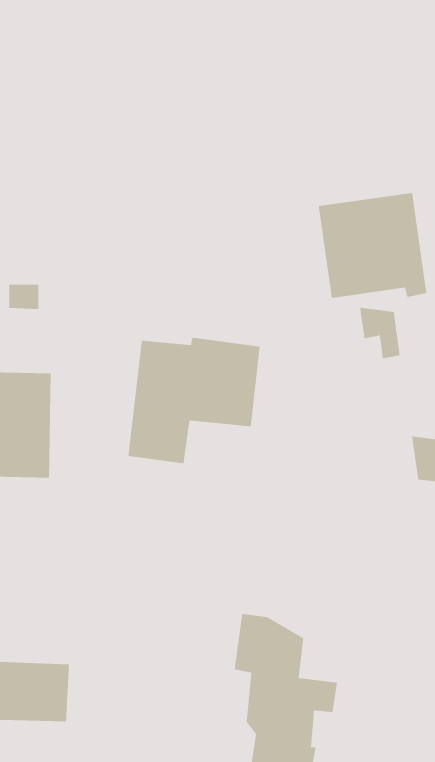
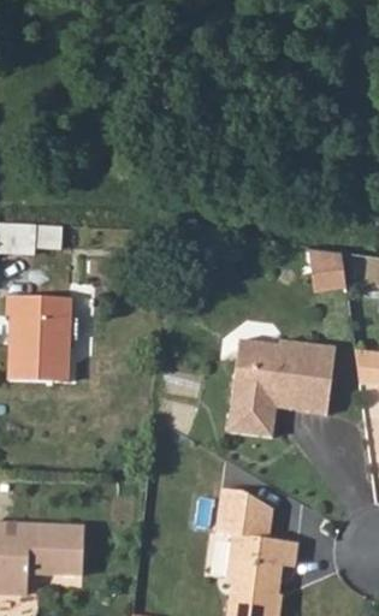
building: [318,192,427,299] -> none
building: [127,337,261,464] -> [230,339,334,439]

